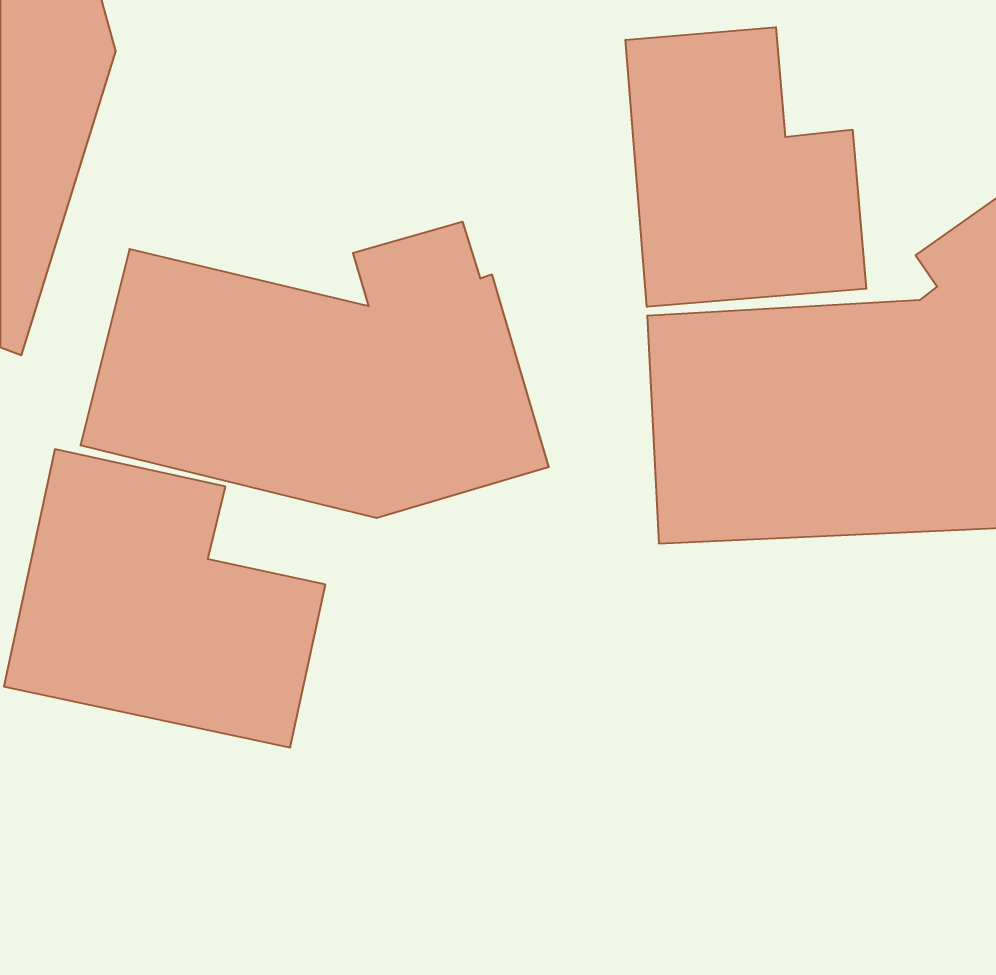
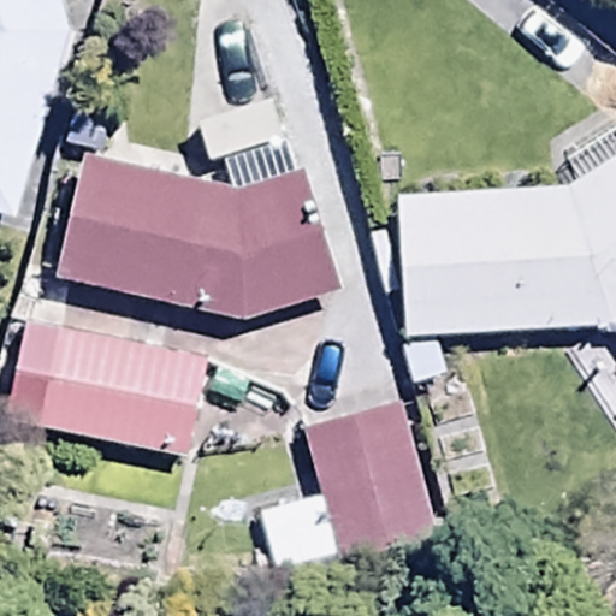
building: [626,27,866,307] -> none
building: none -> [260,396,439,576]

